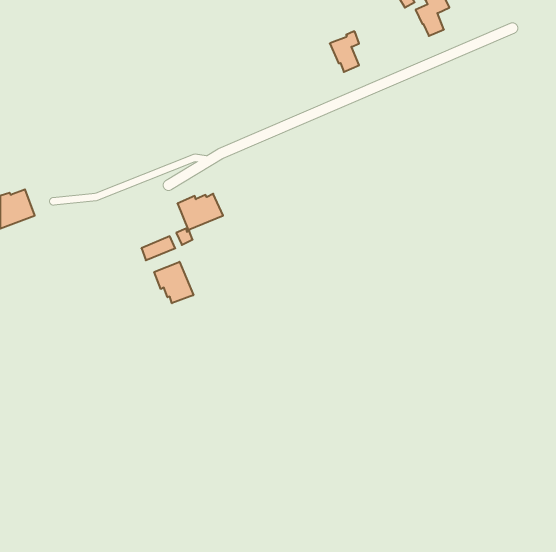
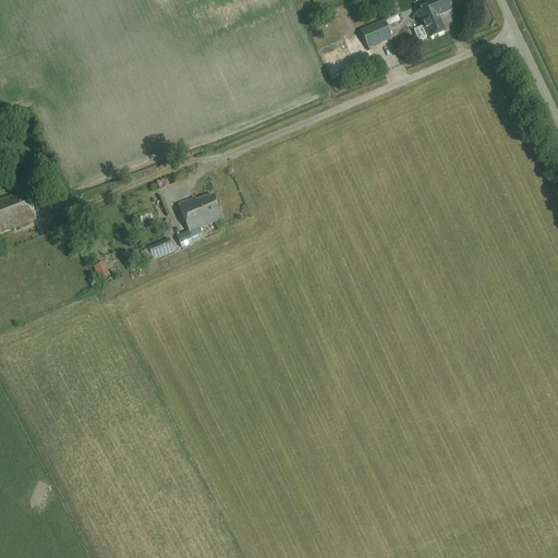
building: none -> [361,12,398,46]
building: [154,262,193,303] -> none

